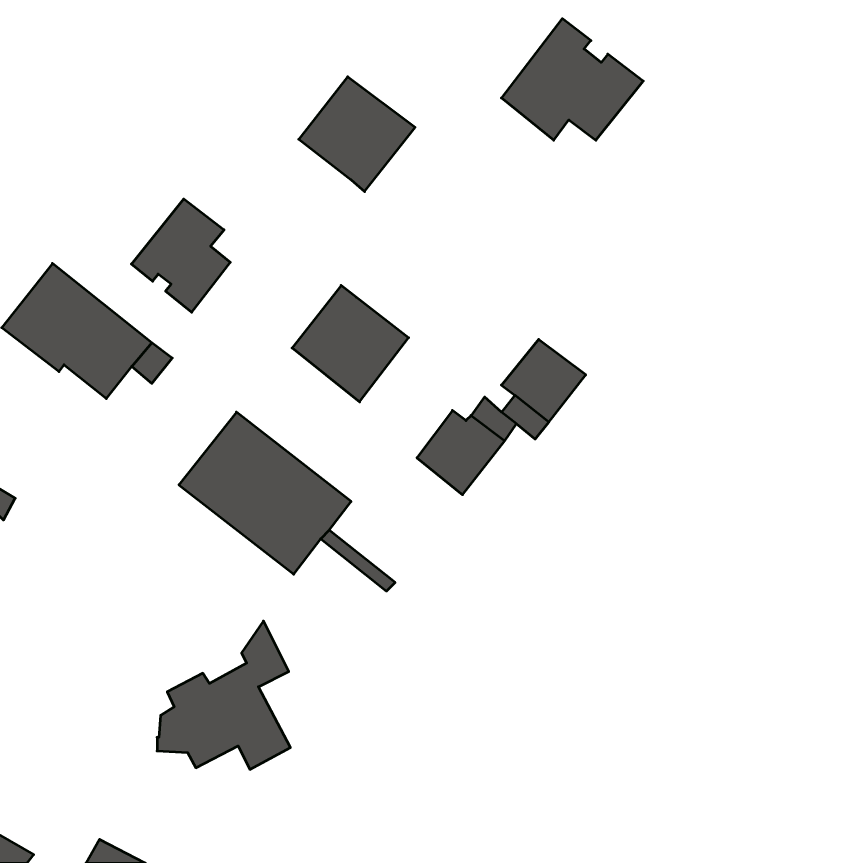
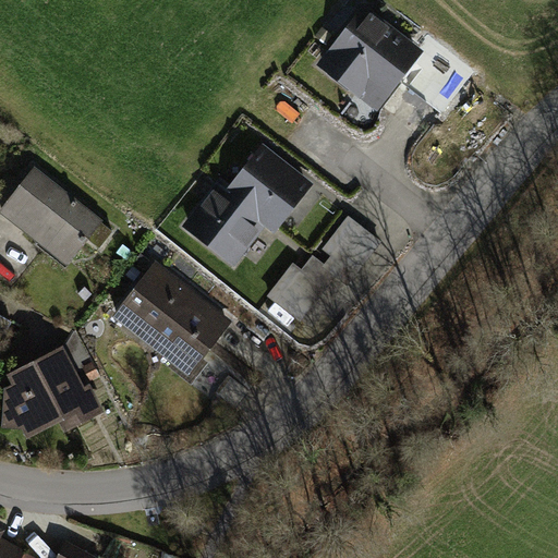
building: [299,77,415,192] -> [230,151,305,226]
building: [131,199,230,312] -> none
building: [157,621,290,769] -> [5,330,92,426]

